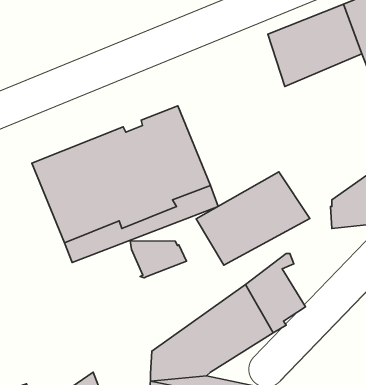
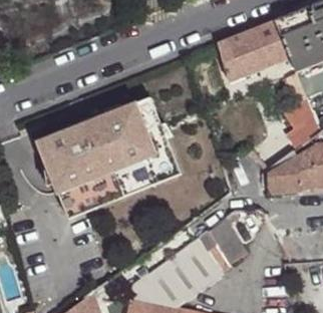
building: [196,172,310,265] -> none
building: [130,241,186,278] -> none

